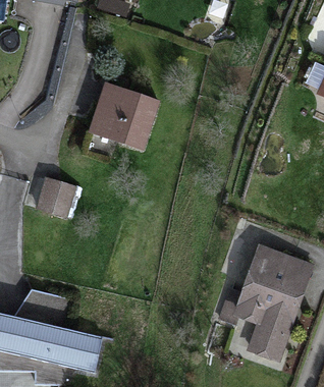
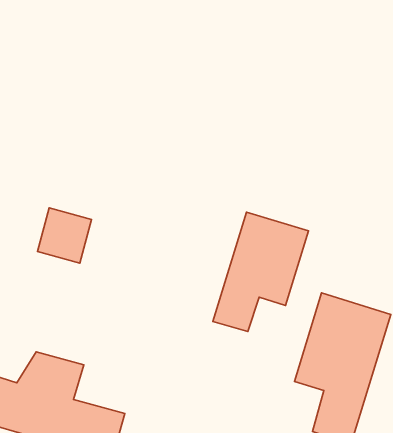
building: [90,84,157,150] -> none
building: none -> [213,212,308,331]

